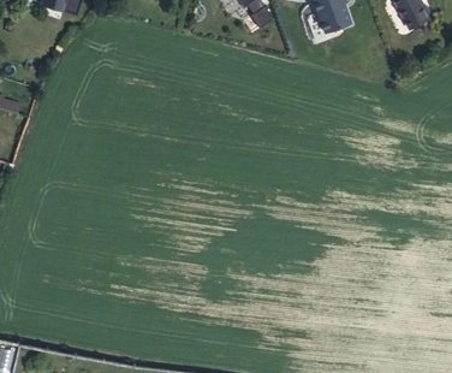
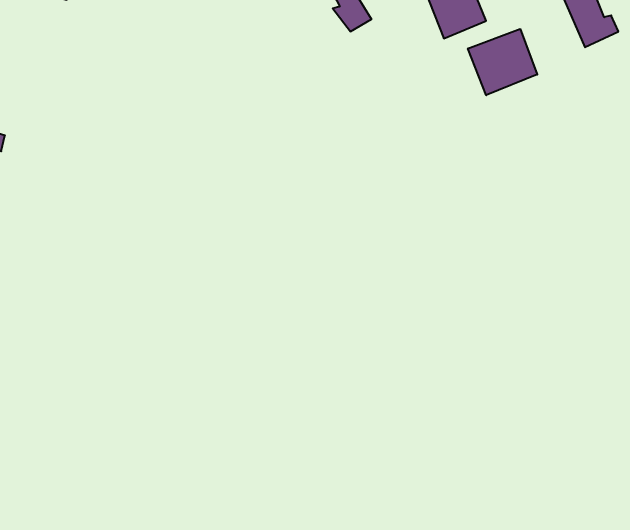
building: none -> [468,29,537,95]

